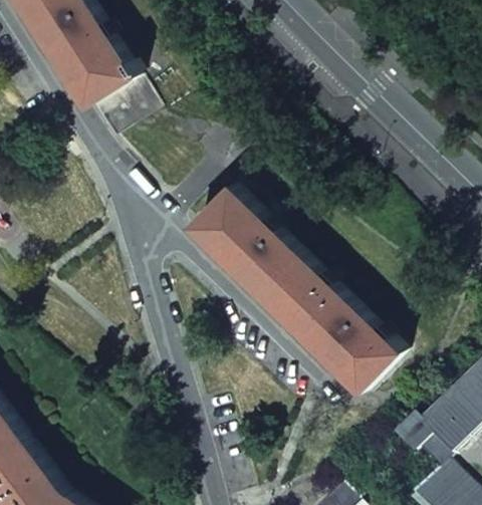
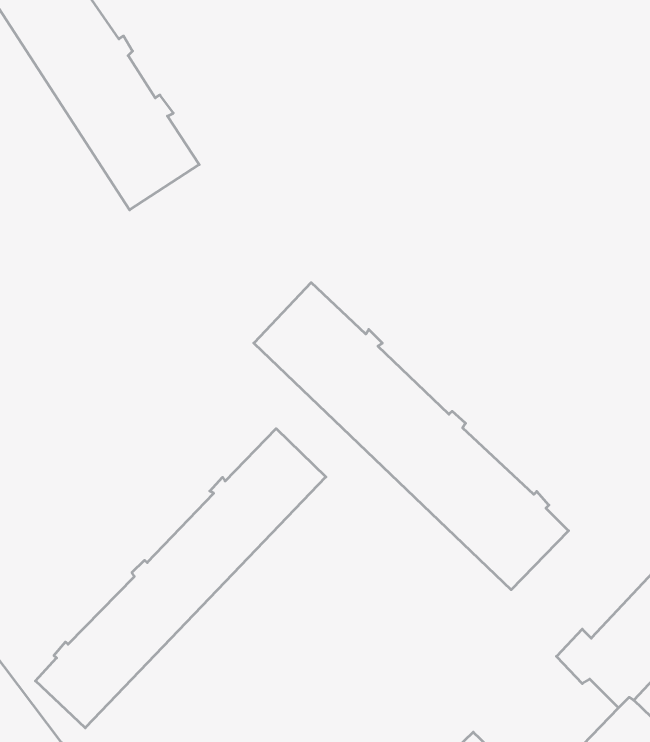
building: none -> [35,429,326,728]

